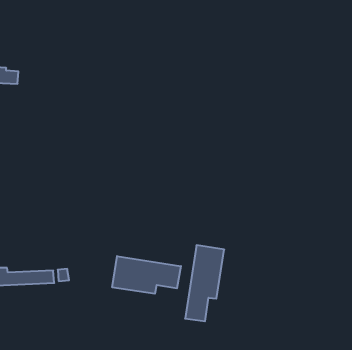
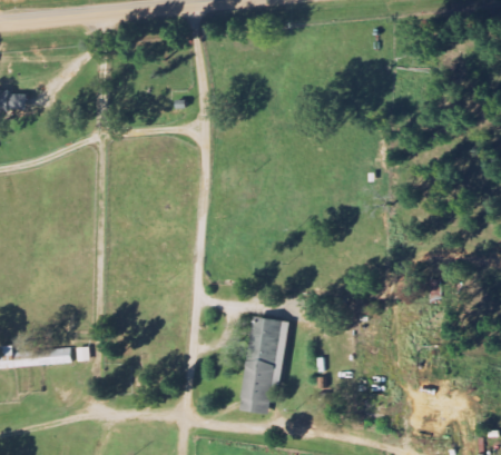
building: [112,256,181,294] -> none

